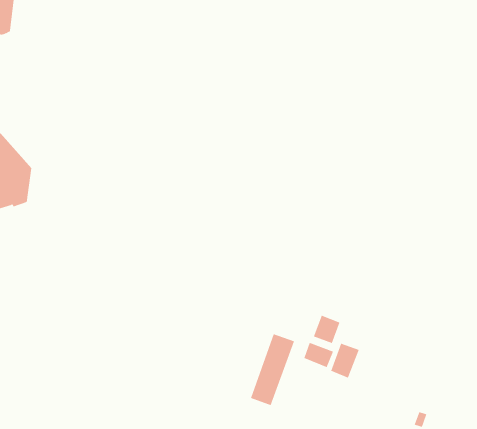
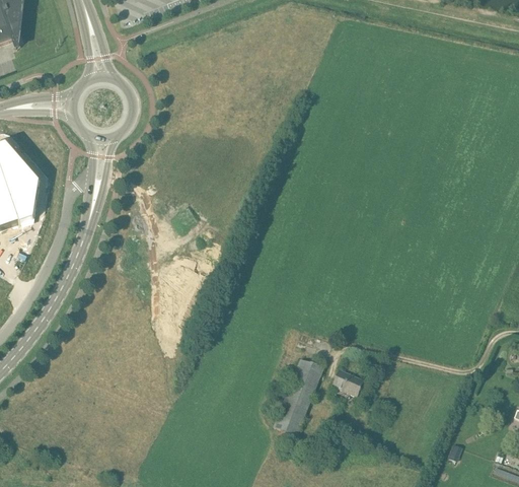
building: [313,315,340,344] -> none
building: [330,343,359,378] -> none

